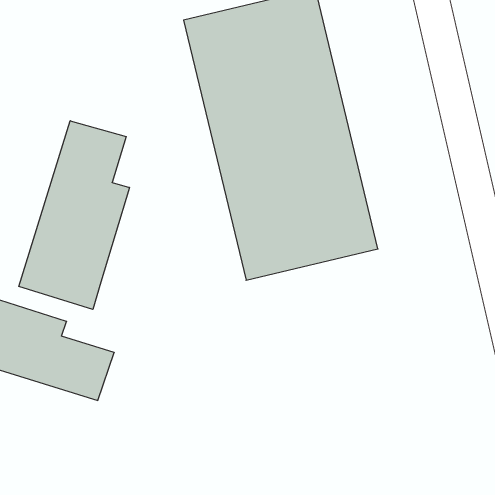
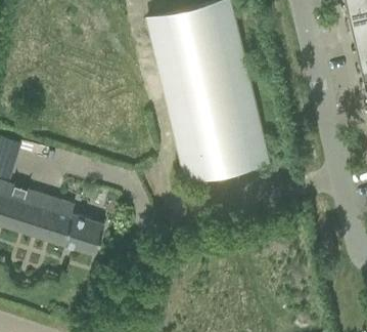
building: [19,121,129,309] -> none

